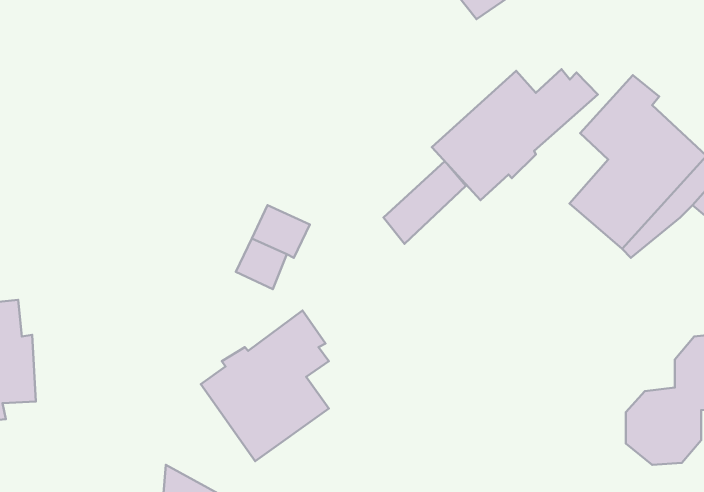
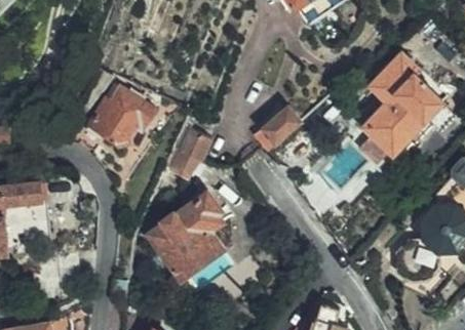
building: [432,69,598,200] -> none
building: none -> [79,88,153,152]

